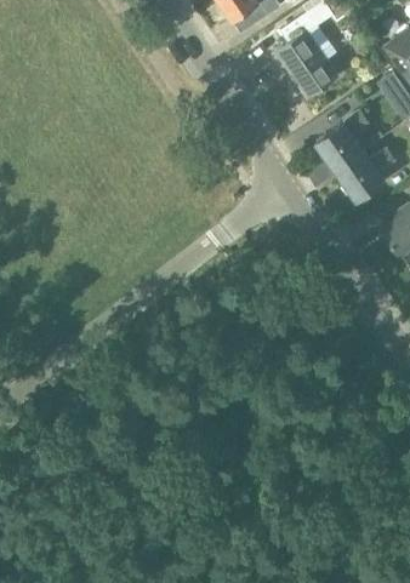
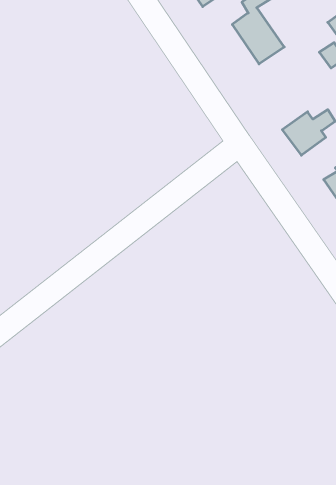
building: [315,108,371,170] -> none

